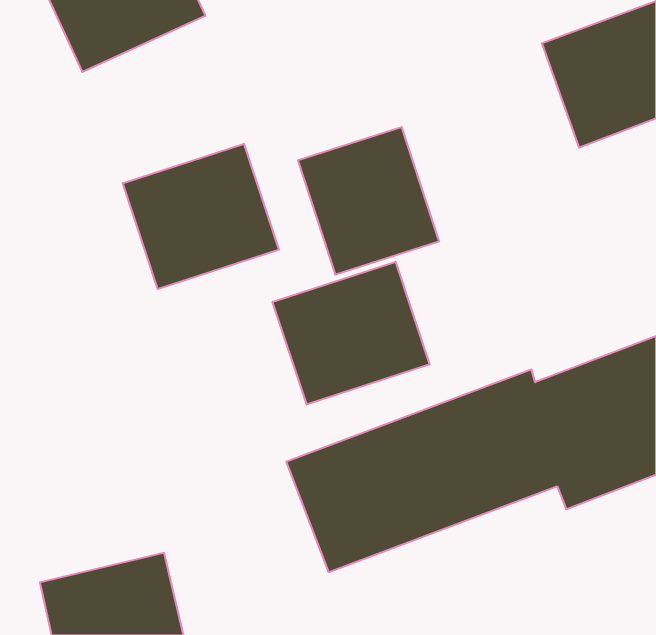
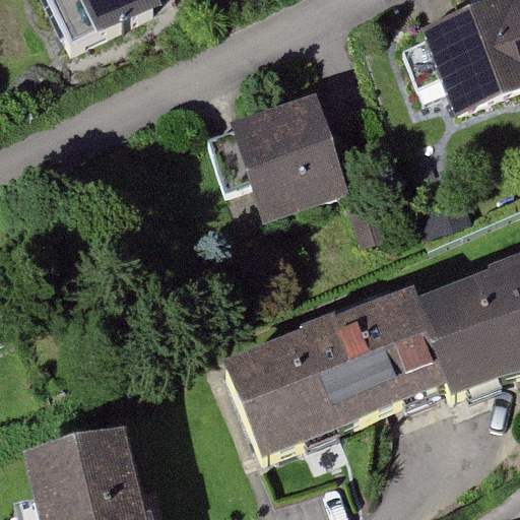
building: [123,144,279,289] -> none
building: [273,262,430,405] -> none

